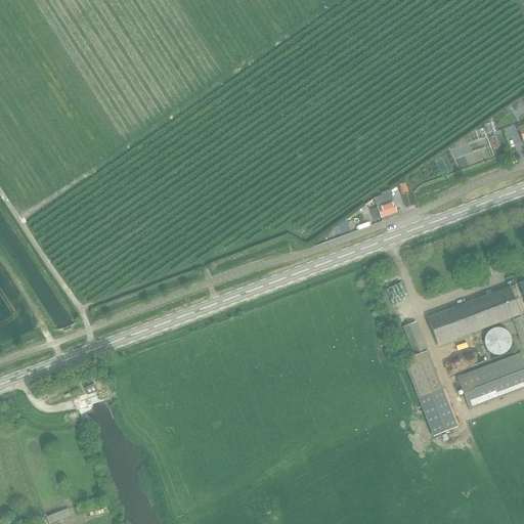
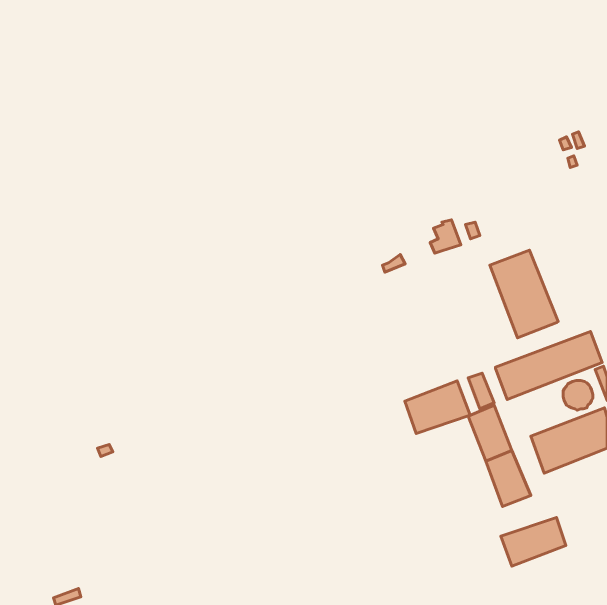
building: none -> [490,250,558,338]
building: none -> [405,381,470,433]
building: none -> [501,518,566,566]

